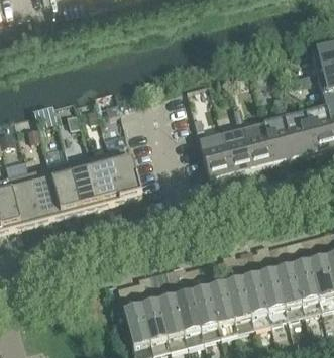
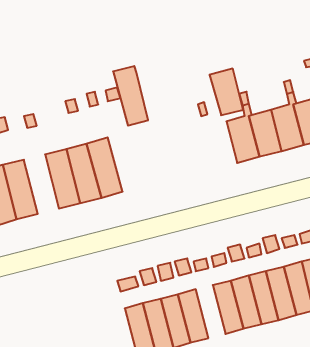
building: [199,131,231,175] -> [209,69,243,115]
building: [108,141,141,198] -> [113,66,148,126]
building: [28,162,62,219] -> none
building: [192,286,220,337] -> none

